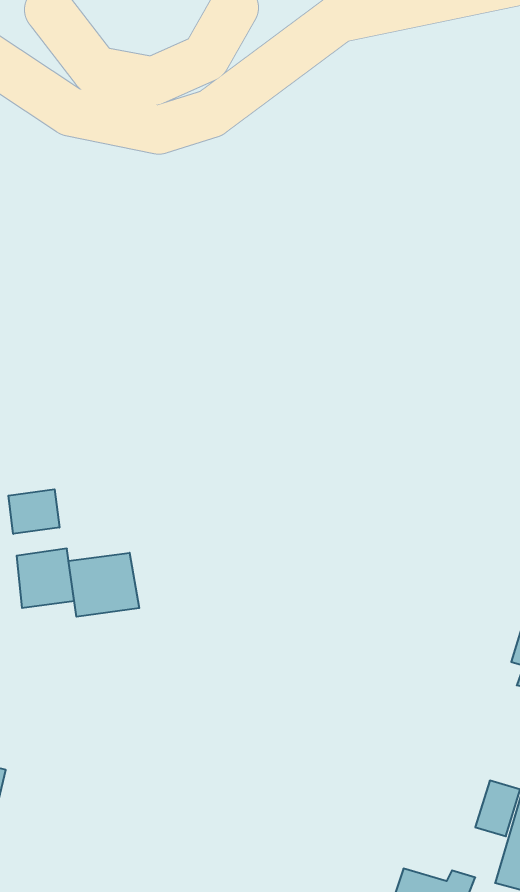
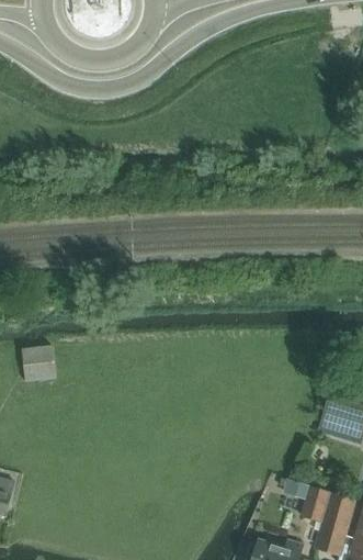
building: [8,489,59,534] -> none
building: [69,553,139,617] -> none

